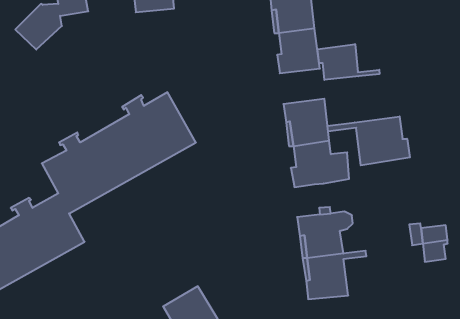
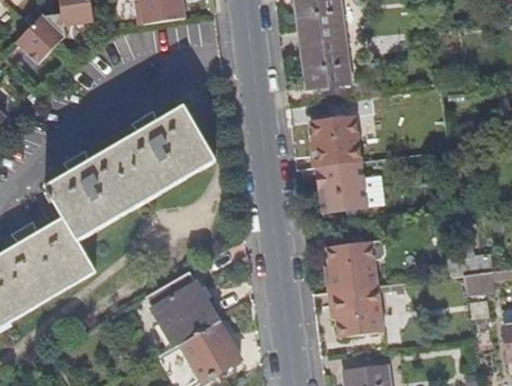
building: [317,44,379,80] -> none
building: [328,116,410,165] -> none
building: none -> [145,272,217,351]

